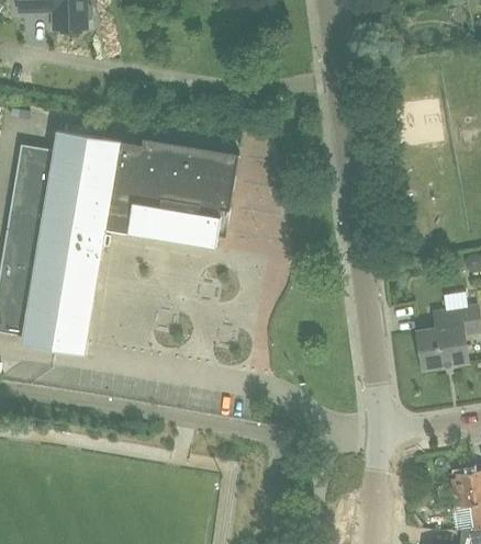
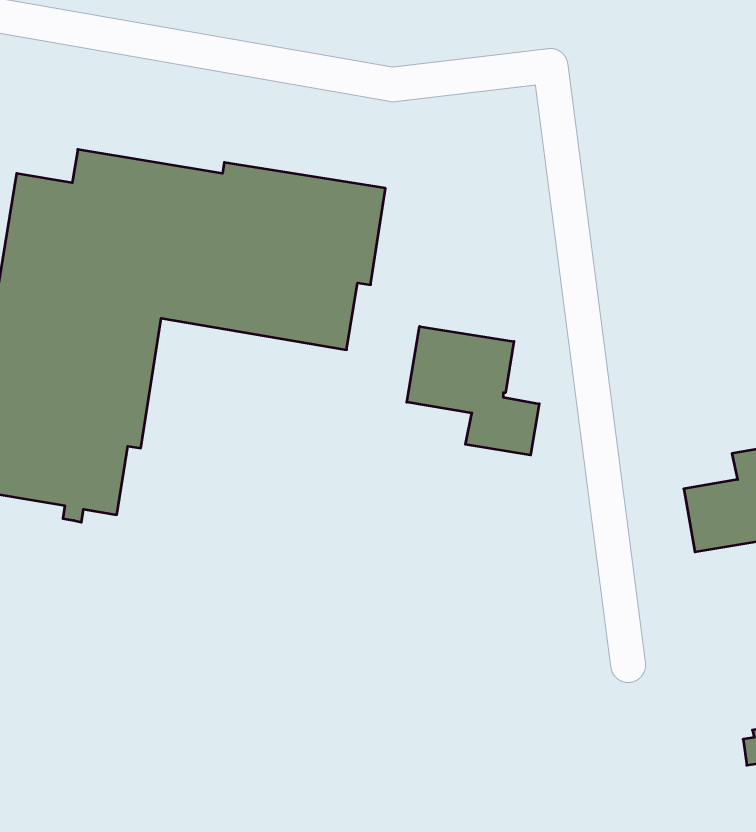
building: none -> [407,326,539,455]

